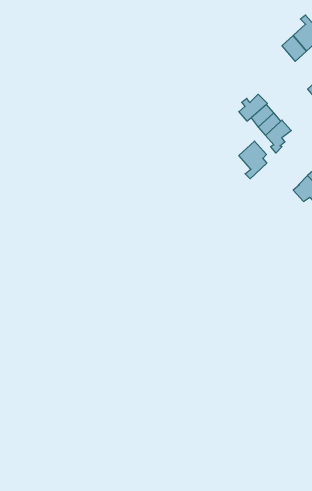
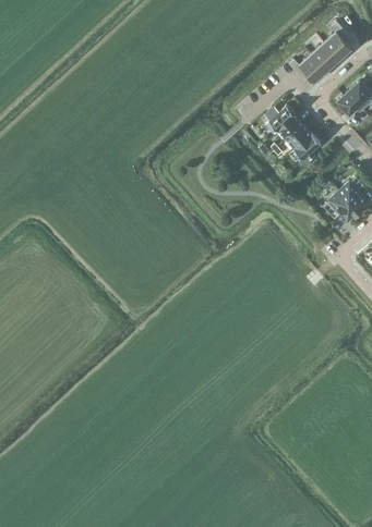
building: none -> [293,53,329,81]
building: [239,141,267,179] -> none

